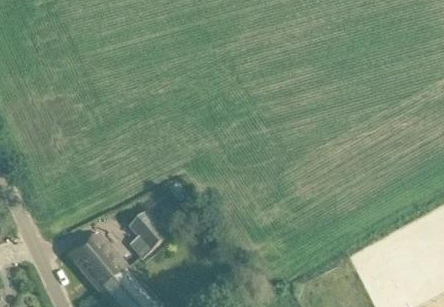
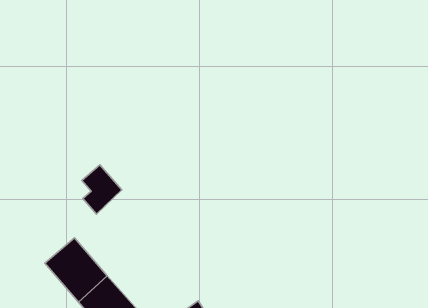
building: [128,209,166,256] -> [82,165,122,214]

